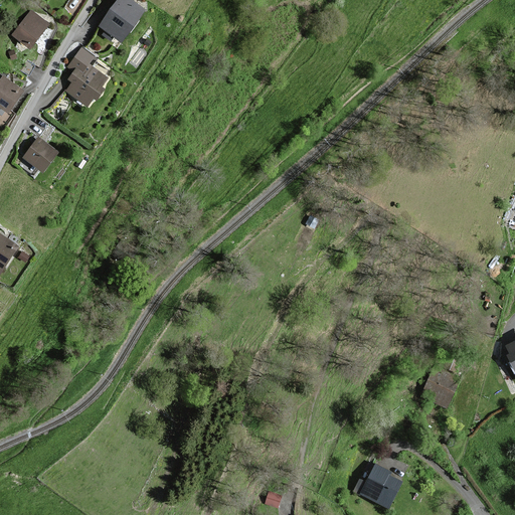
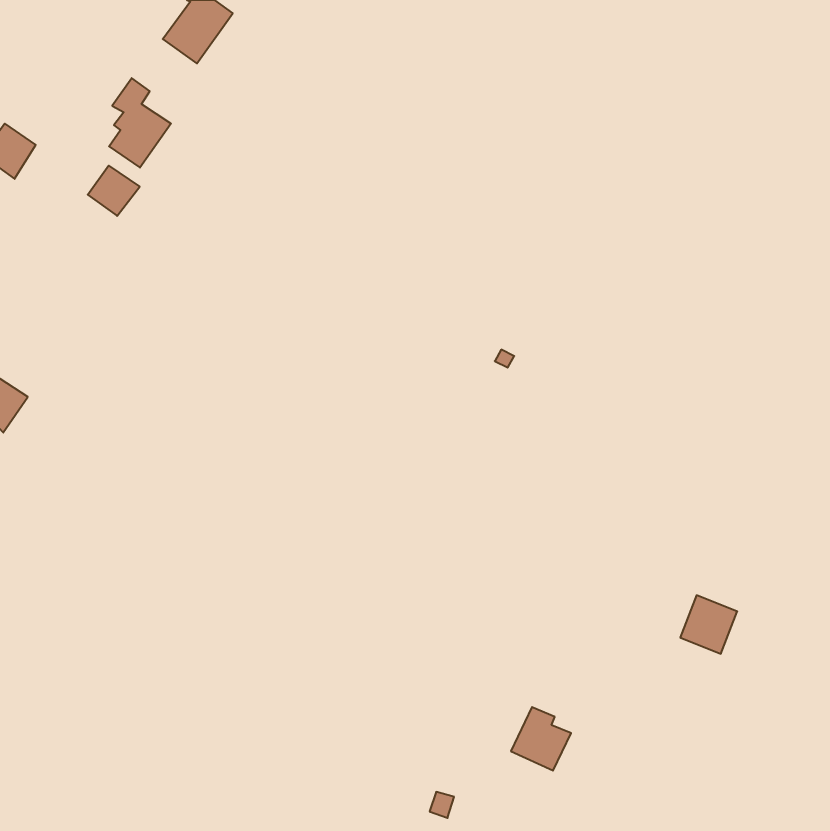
building: [14,11,47,46] -> none
building: [25,138,57,169] -> [88,166,140,216]
building: [362,466,399,505] -> [511,707,571,771]

